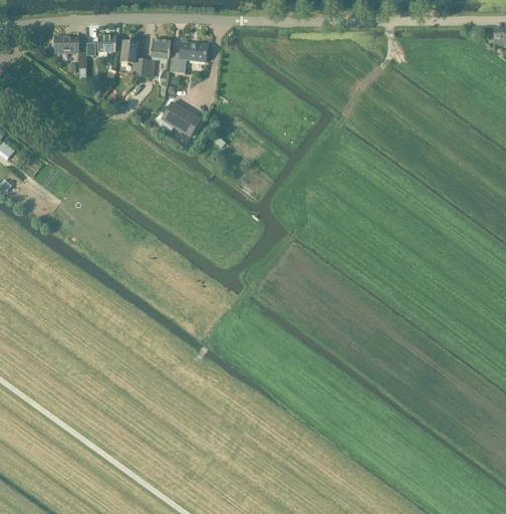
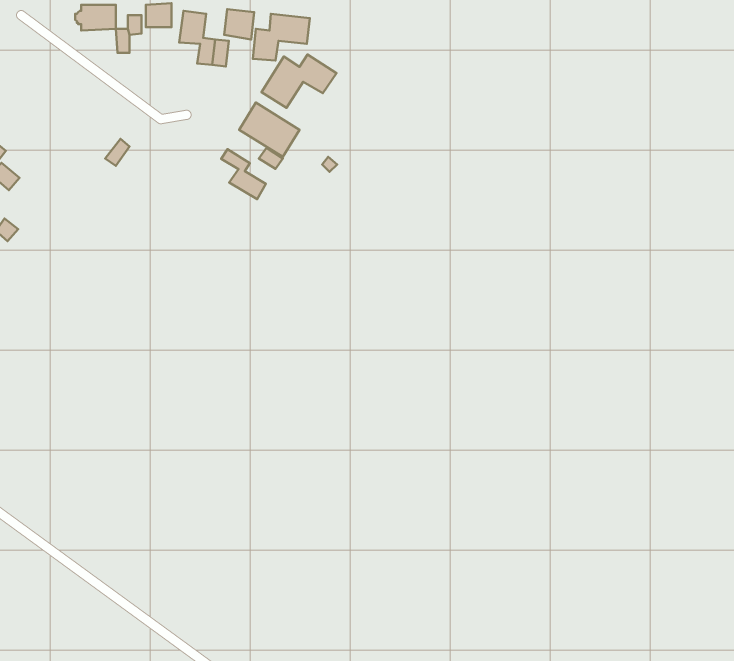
building: none -> [262,54,336,108]
building: none -> [221,149,266,199]

